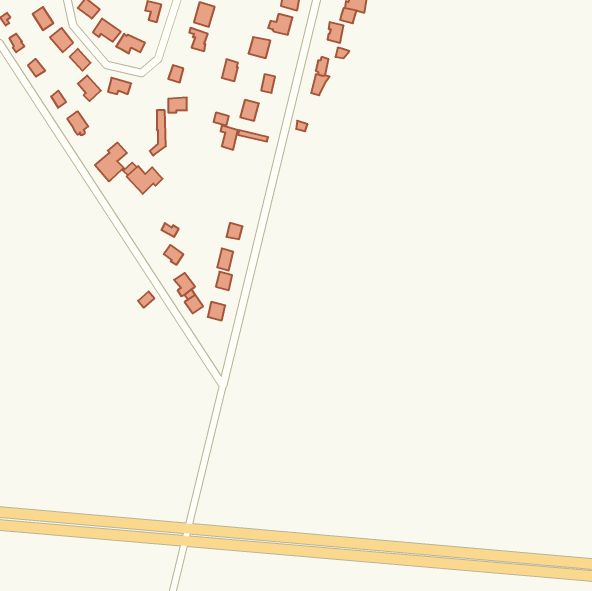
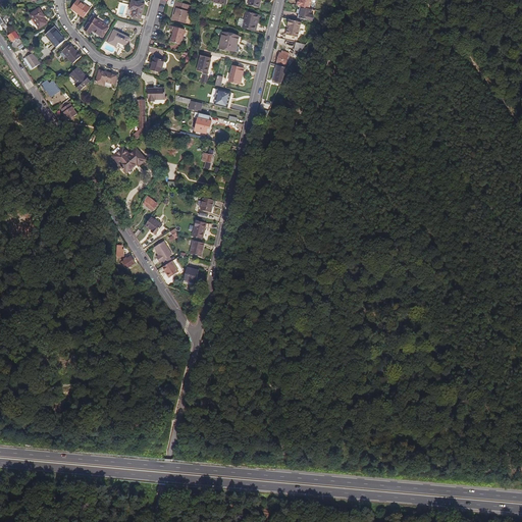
building: [95,143,127,181] -> none

